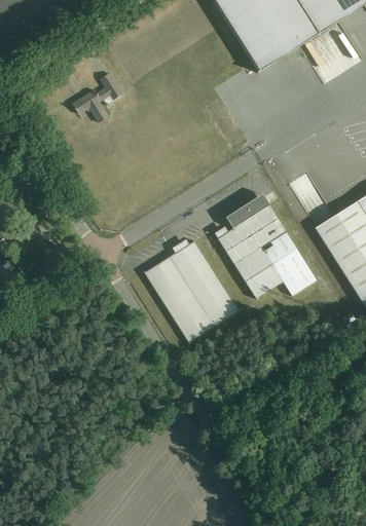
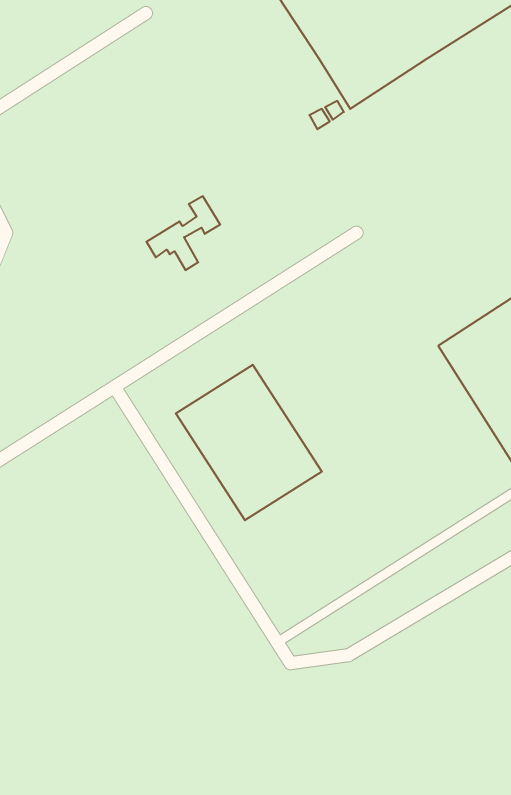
building: [73,73,121,121] -> [146,196,220,270]
building: [218,197,317,297] -> none

